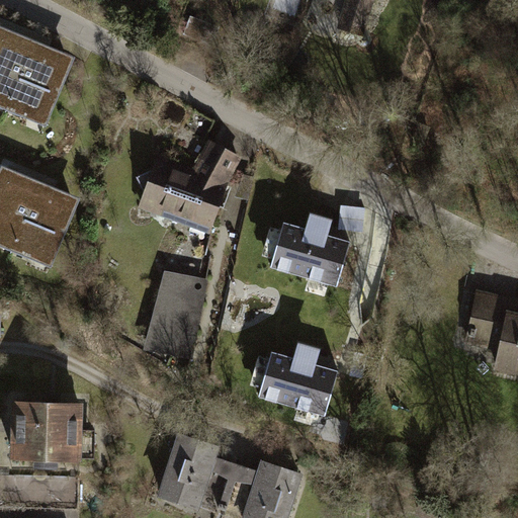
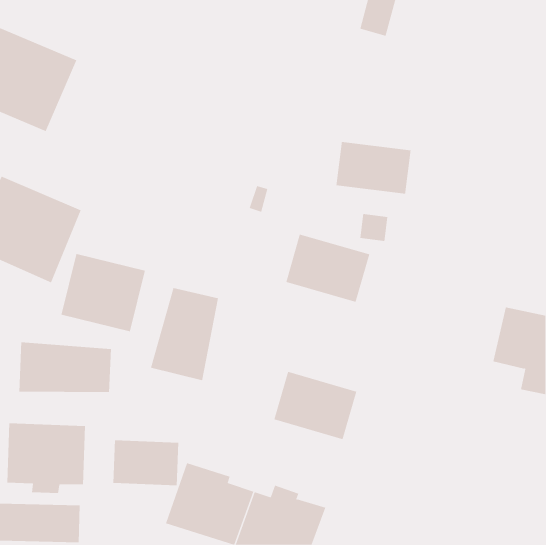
building: none -> [336,141,411,194]
building: [137,142,241,232] -> none
building: none -> [61,253,145,332]
building: none -> [19,341,112,393]
building: none -> [113,440,179,486]

